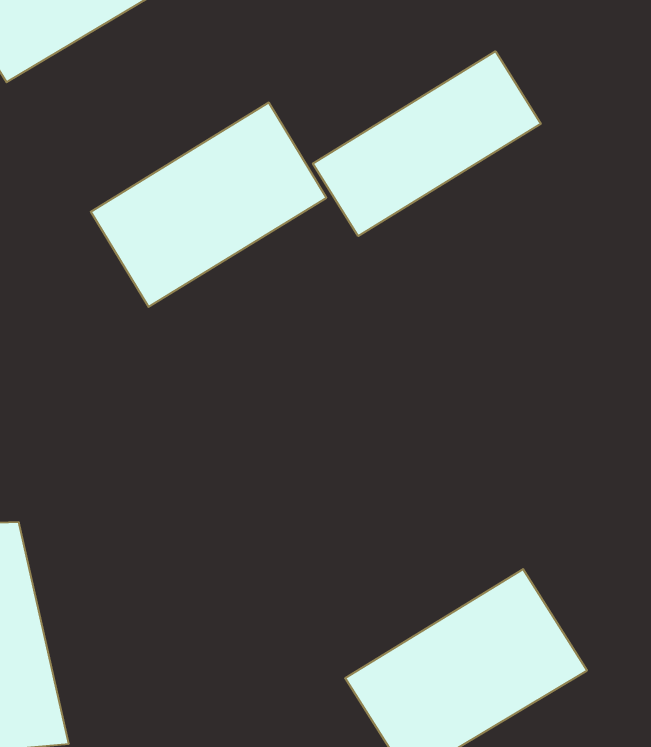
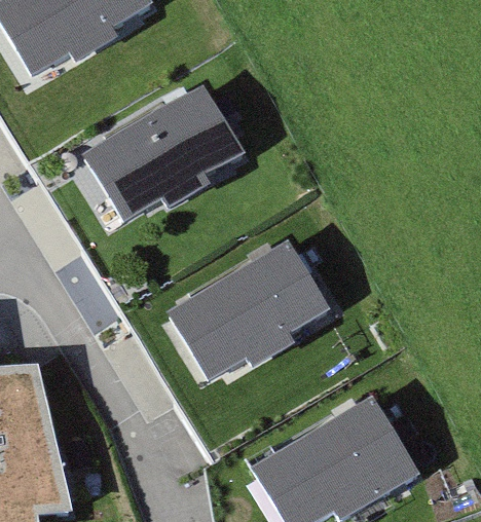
building: [313,51,541,236] -> none
building: none -> [171,243,326,376]

